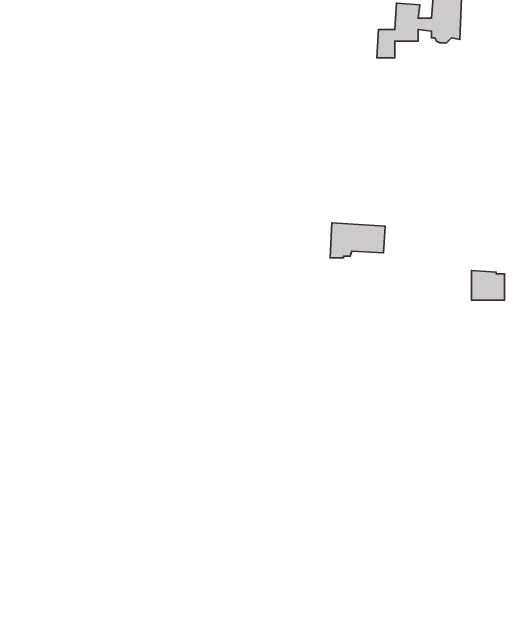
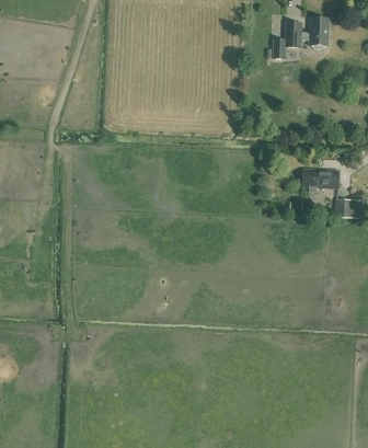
building: [330,223,385,258] -> [302,169,338,192]

